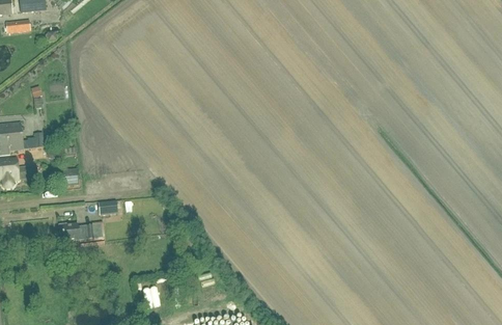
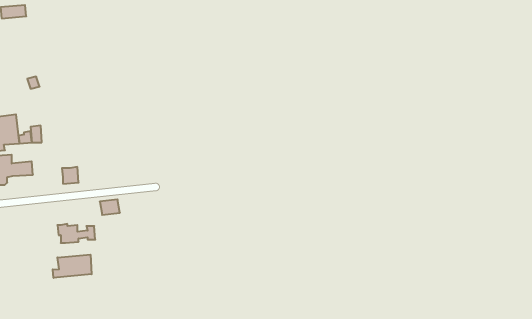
building: none -> [53,255,92,278]

